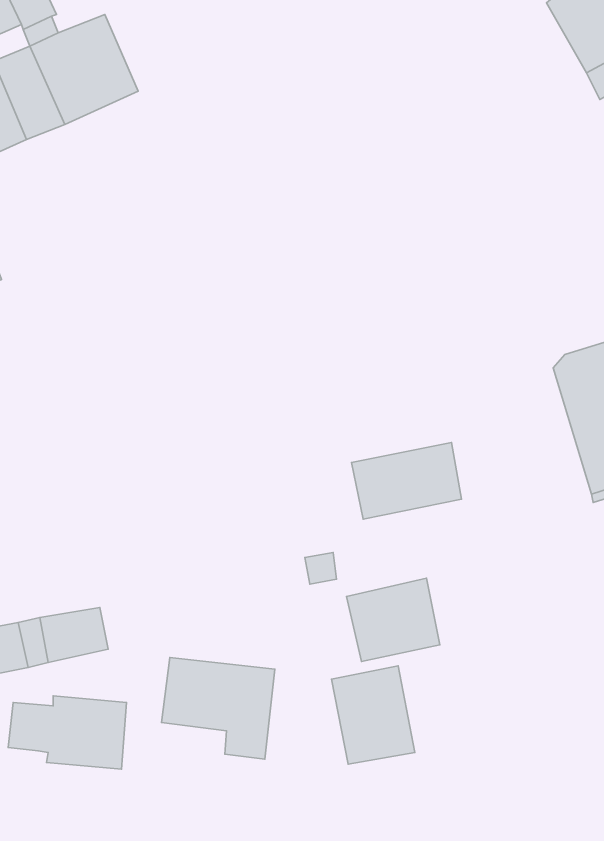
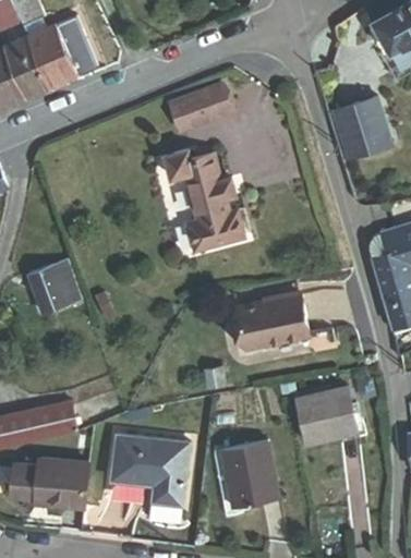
building: none -> [170,85,230,129]
building: none -> [326,95,390,158]
building: none -> [164,146,244,250]
building: none -> [27,259,83,313]
building: [347,578,440,661] -> [295,389,356,444]

